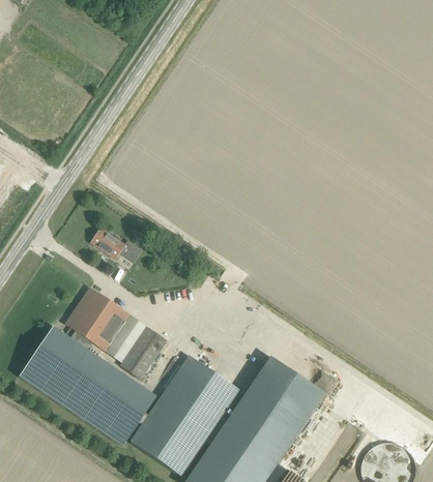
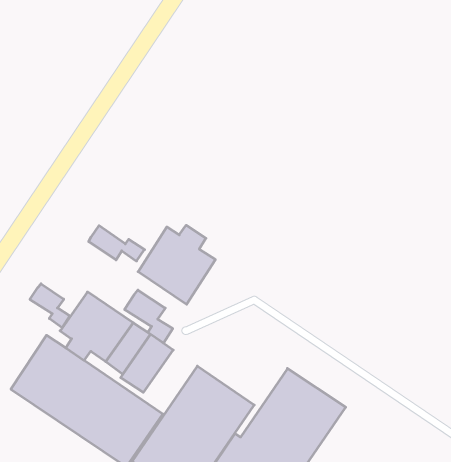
building: none -> [138,225,215,304]
building: none -> [30,284,70,328]
building: none -> [125,290,173,343]

